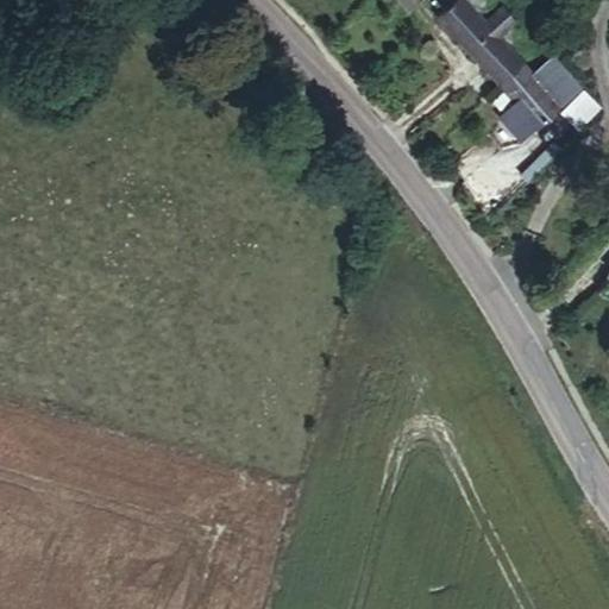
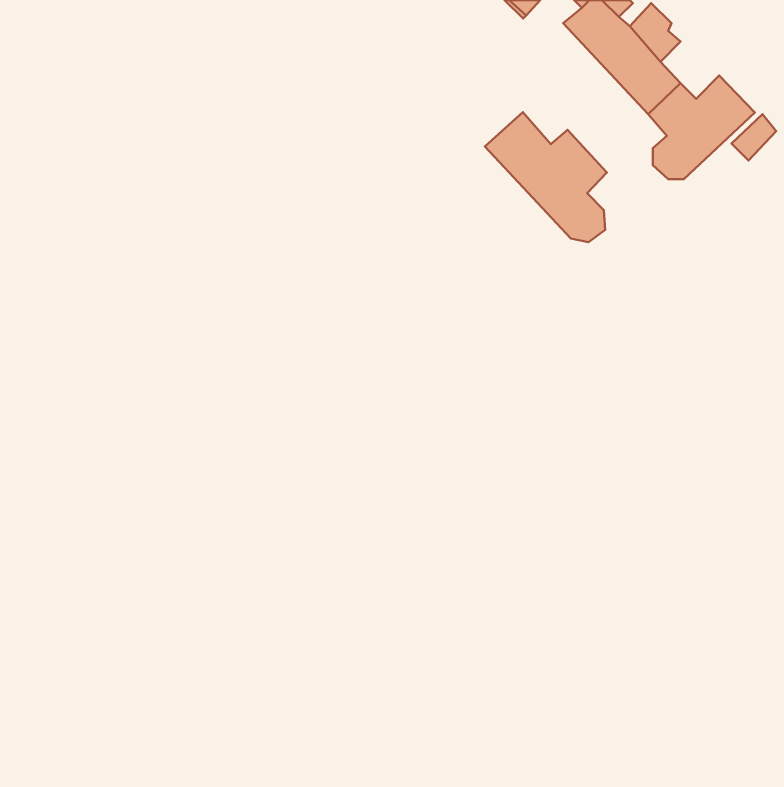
building: none -> [485,112,607,242]

